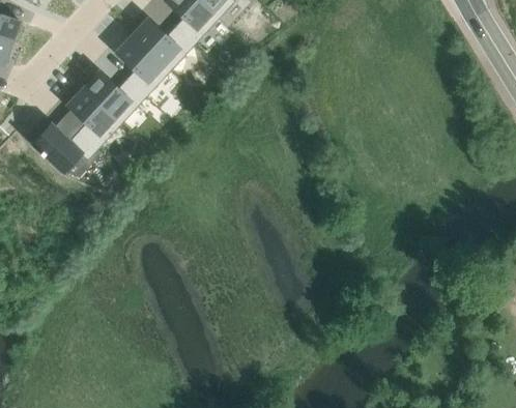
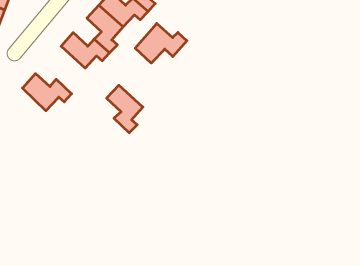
building: none -> [135,23,187,63]
building: [68,89,115,150] -> [107,85,143,133]

